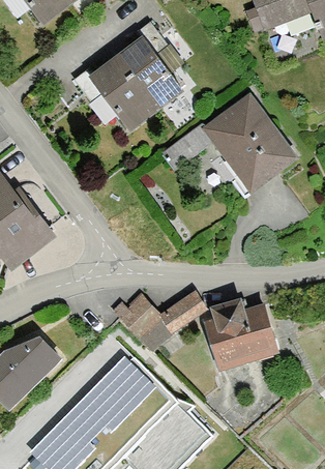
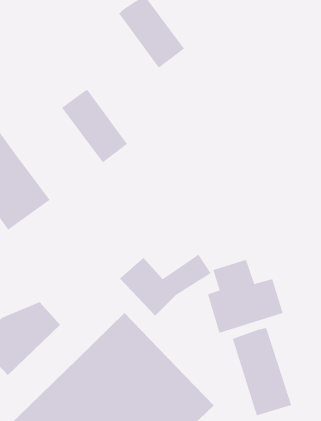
building: [91,56,156,128] -> [61,89,128,163]
building: [183,92,299,196] -> none
building: none -> [232,327,292,416]

